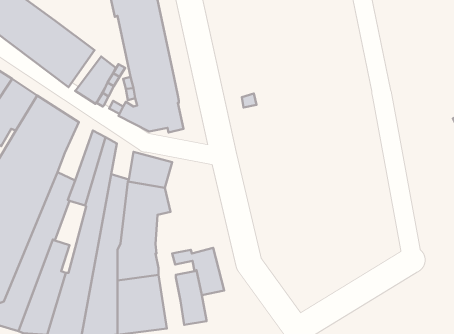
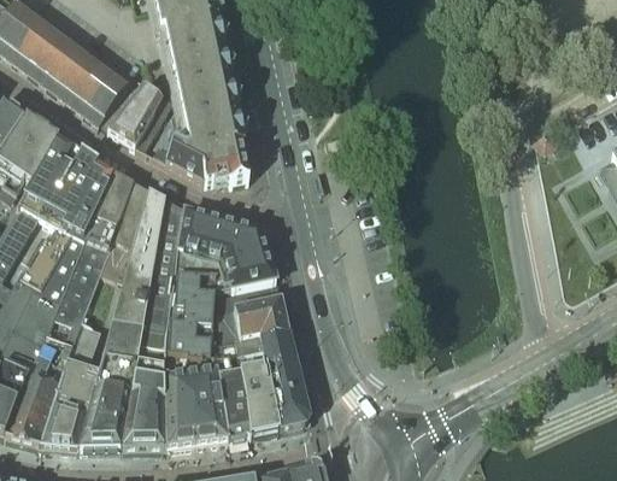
building: none -> [83,169,129,245]
building: none -> [153,196,182,244]
building: none -> [223,221,274,286]
building: none -> [216,282,286,344]
building: none -> [215,358,248,438]
building: none -> [271,388,306,428]

